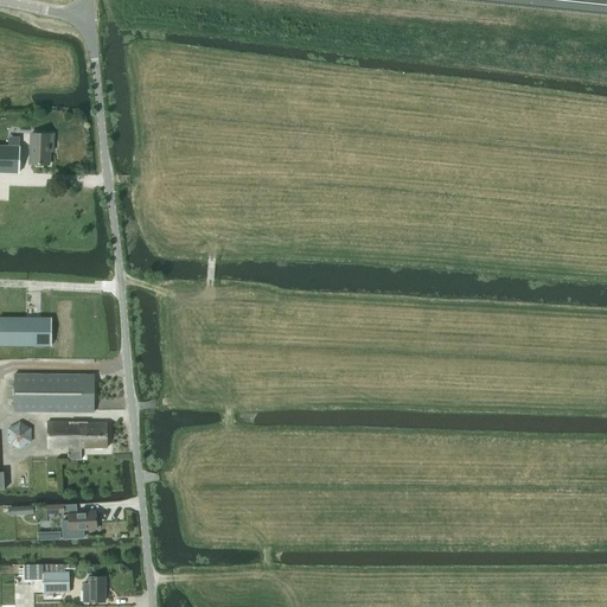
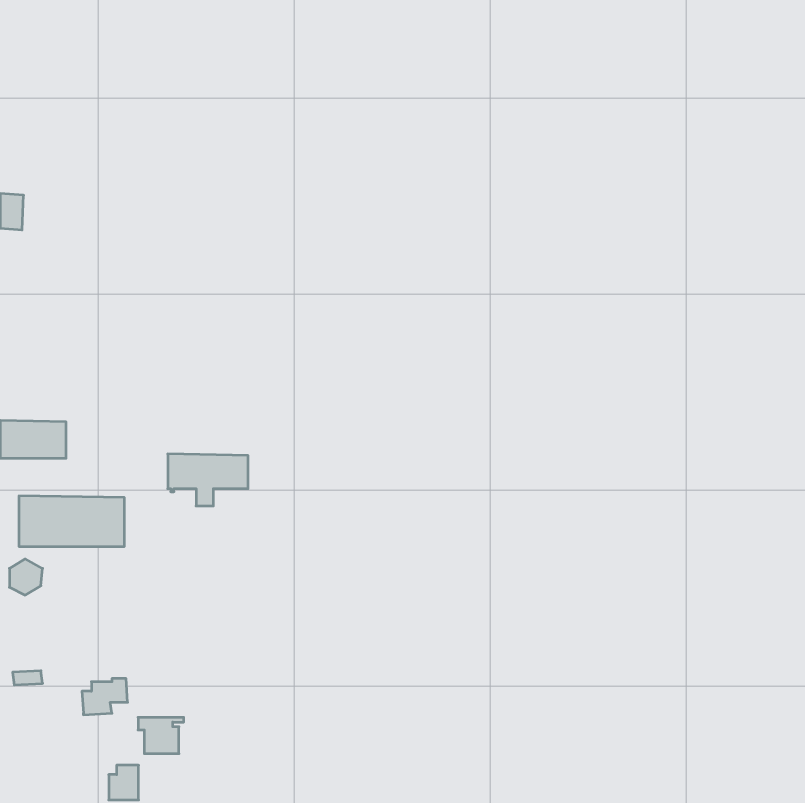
building: [31,134,52,165] -> none
building: [46,421,107,460] -> [168,454,248,506]
building: [38,564,72,592] -> [138,717,184,754]

